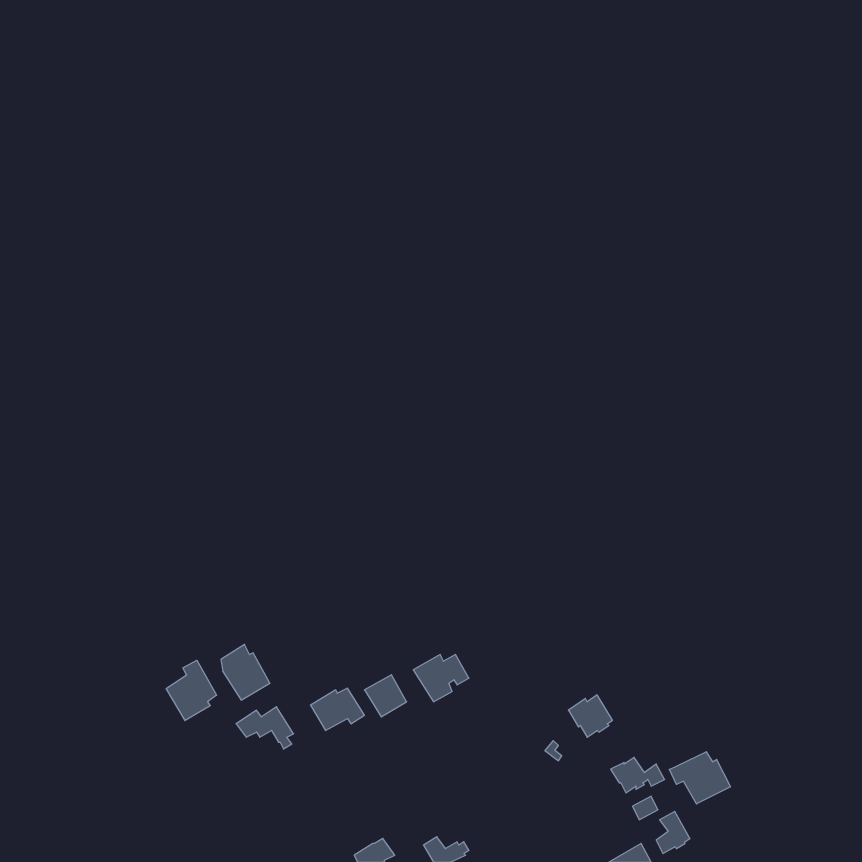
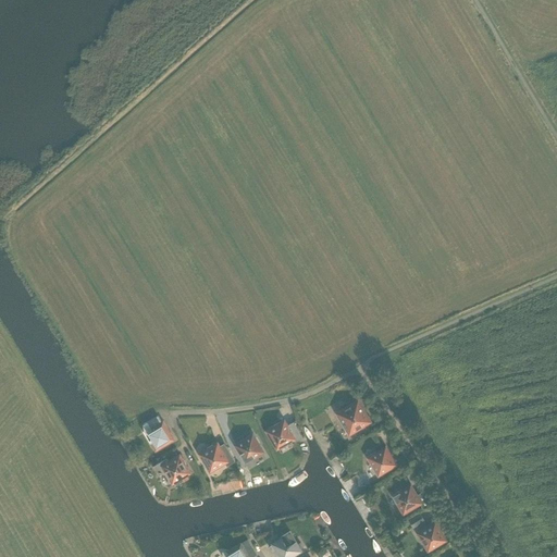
building: none -> [337,401,370,434]
building: [166,660,217,721] -> none
building: [669,752,730,804] -> none

